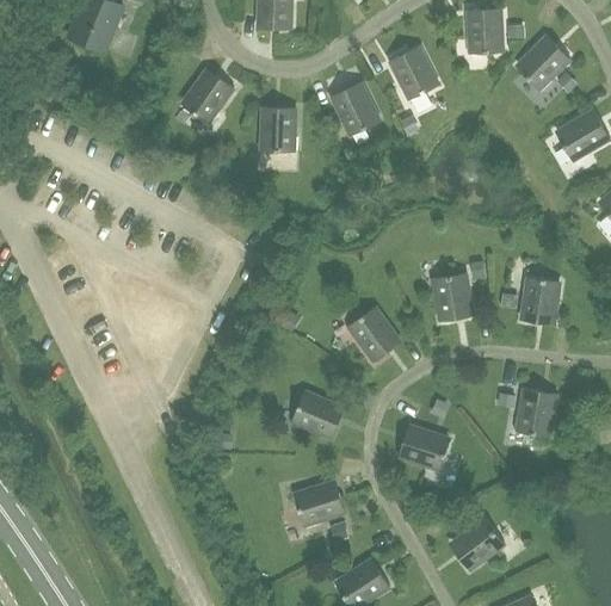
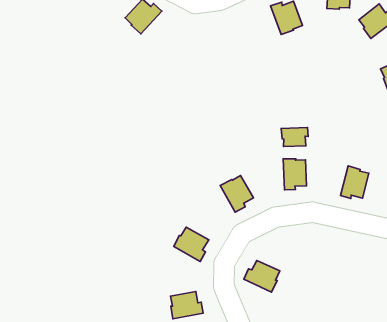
building: [331,86,378,135] -> none
building: [260,106,295,152] -> none
building: none -> [281,127,308,147]
building: [517,388,555,434] -> none

